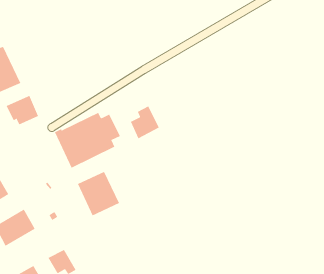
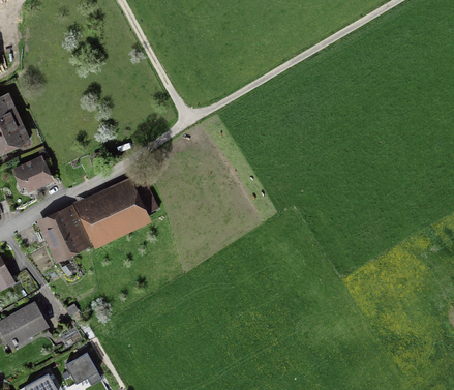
building: [130,106,159,139] -> none
building: [77,171,120,216] -> [36,205,91,263]

